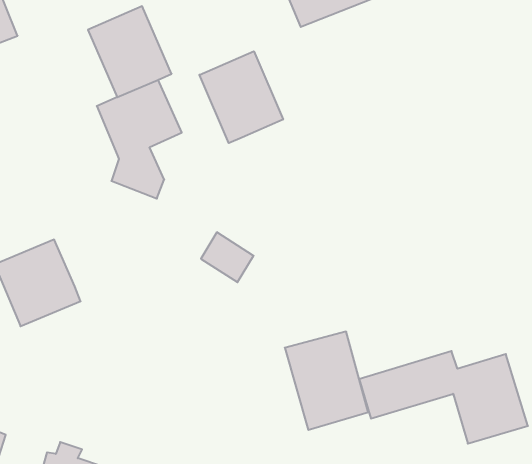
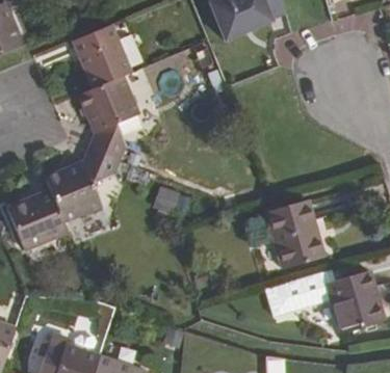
building: [199,51,283,143] -> none
building: none -> [44,148,122,222]
building: [285,332,368,430] -> [265,199,324,269]

